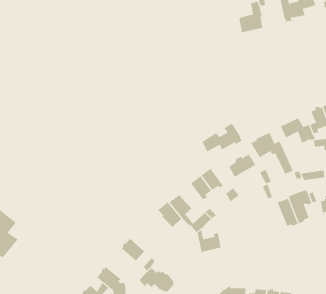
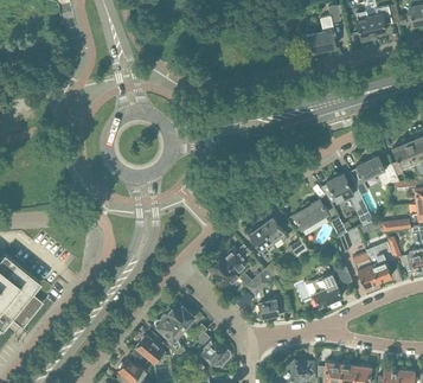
building: [202,123,243,152] -> none
building: none -> [312,268,352,308]
building: none -> [154,314,185,359]

